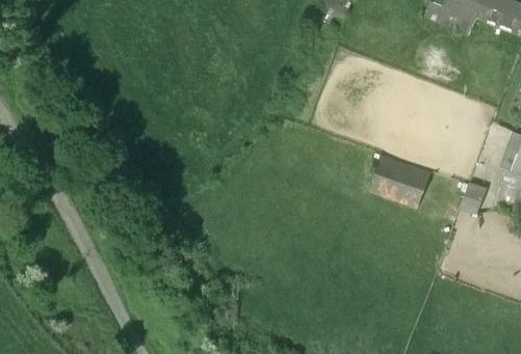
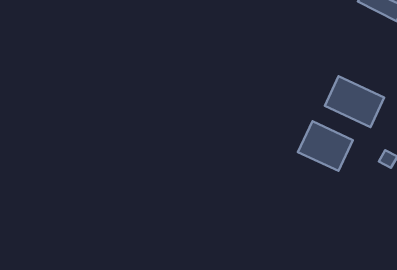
building: none -> [325,76,384,127]

